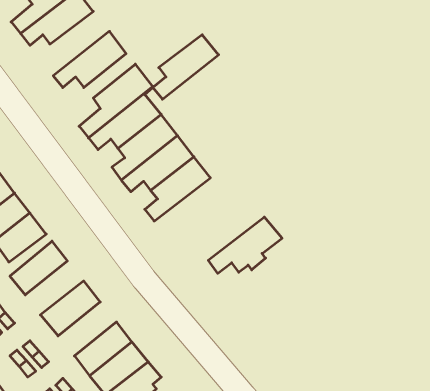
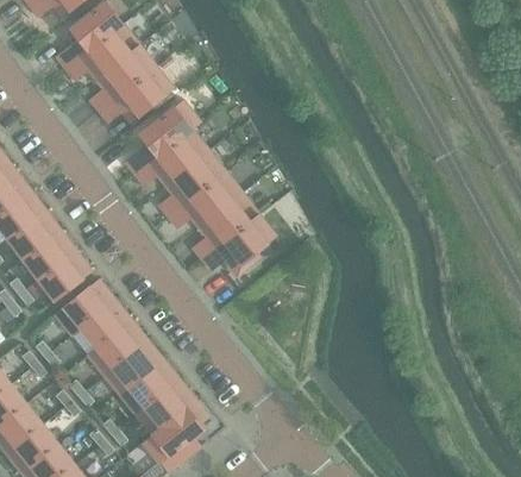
building: [153,35,219,99] -> [89,45,156,111]
building: [208,217,282,273] -> [201,214,276,271]
building: none -> [70,299,130,353]
building: none -> [103,340,163,395]

